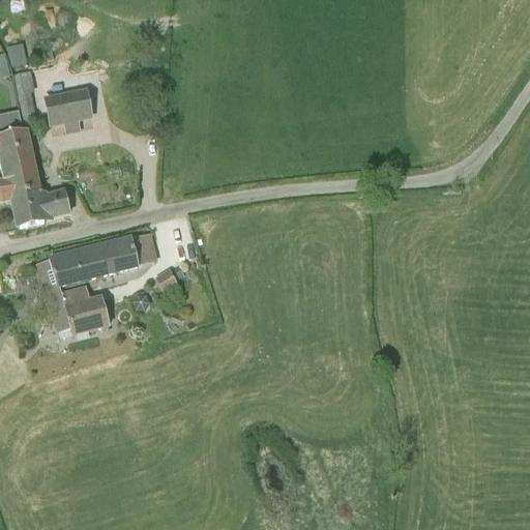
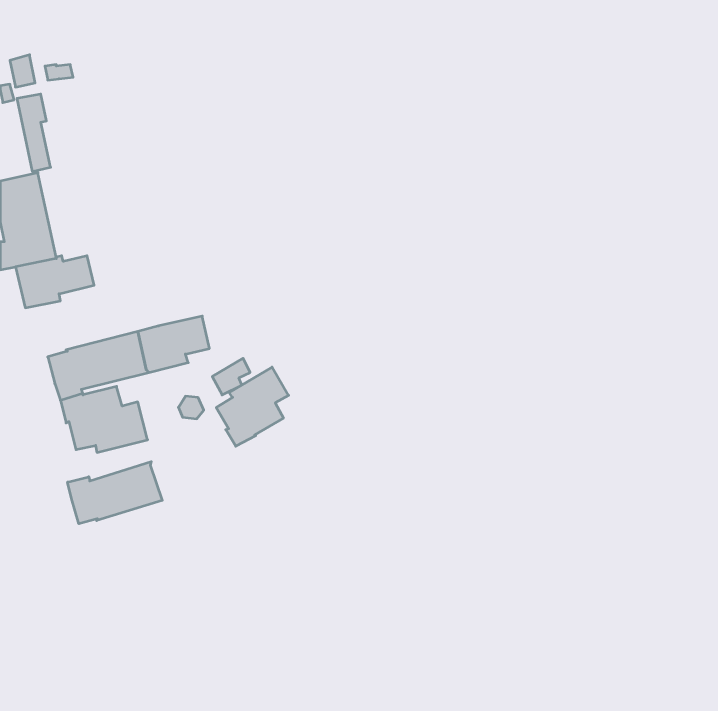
building: [42,86,93,132] -> none
building: none -> [216,367,289,446]
building: none -> [68,462,162,524]

